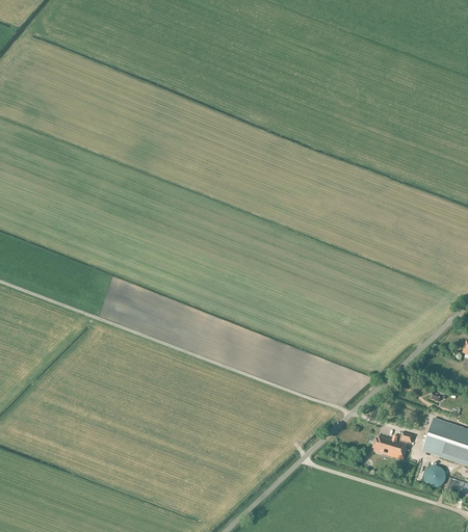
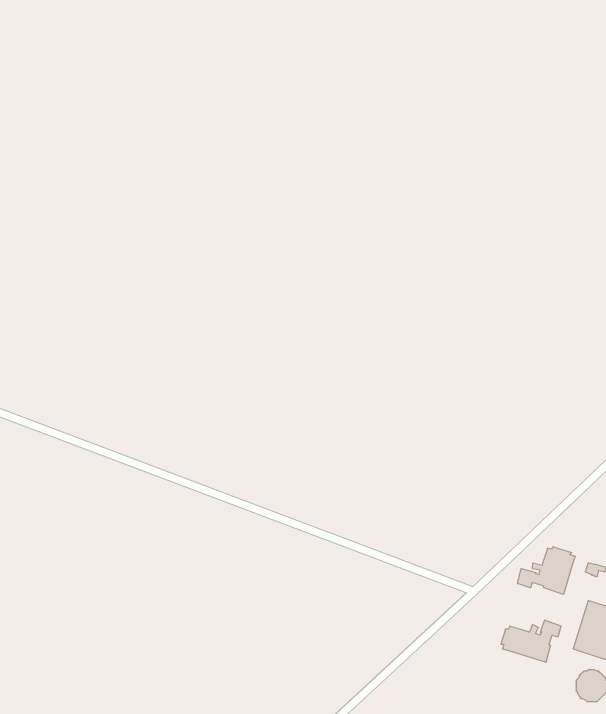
building: none -> [518,547,575,594]

